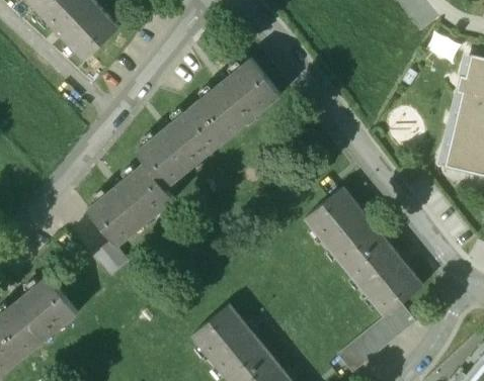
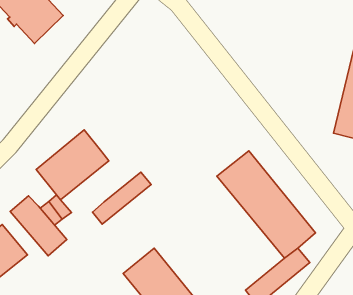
building: [136,60,280,190] -> none
building: none -> [92,172,151,224]
building: none -> [10,196,67,256]

